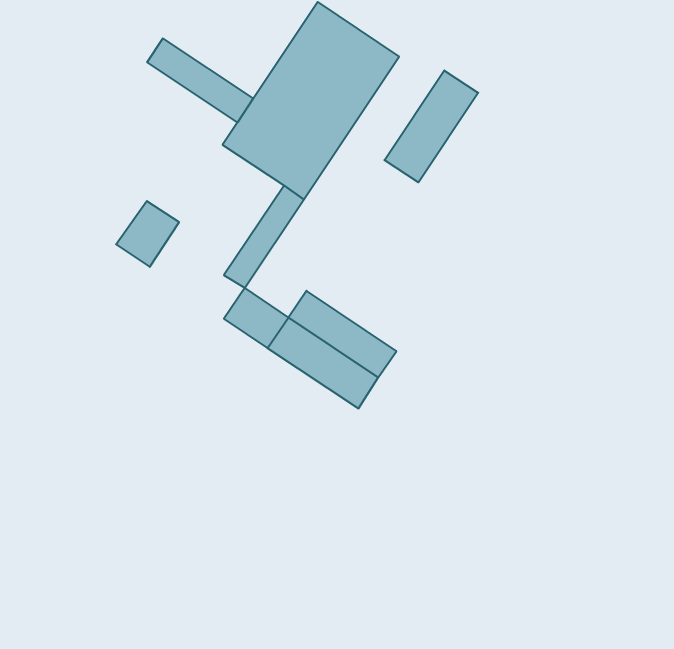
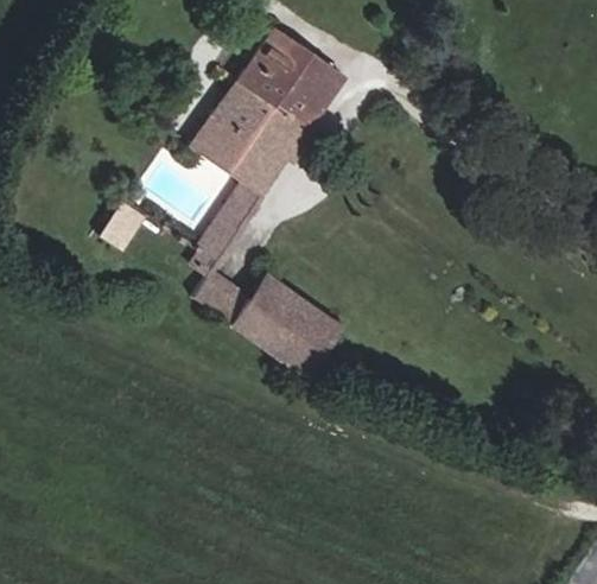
building: [147,38,253,122] -> none
building: [384,70,478,182] -> none

